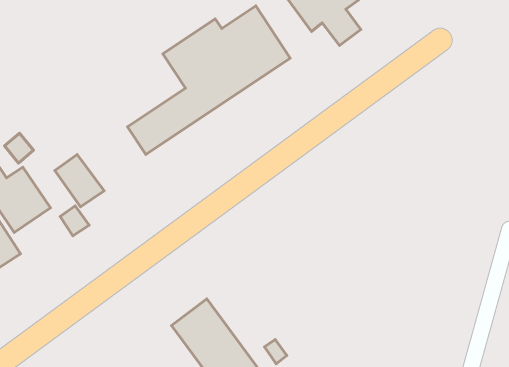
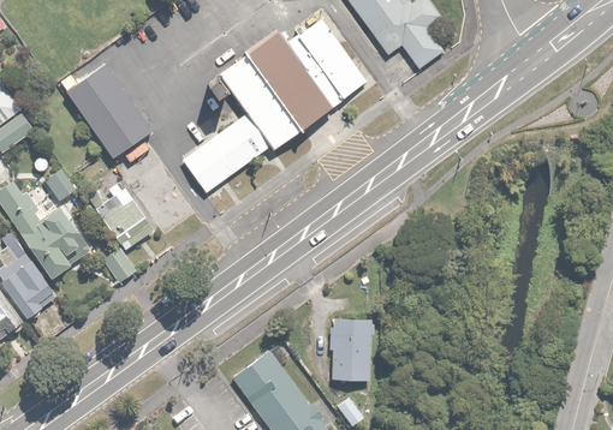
building: none -> [64,66,151,161]
building: none -> [332,318,371,378]

